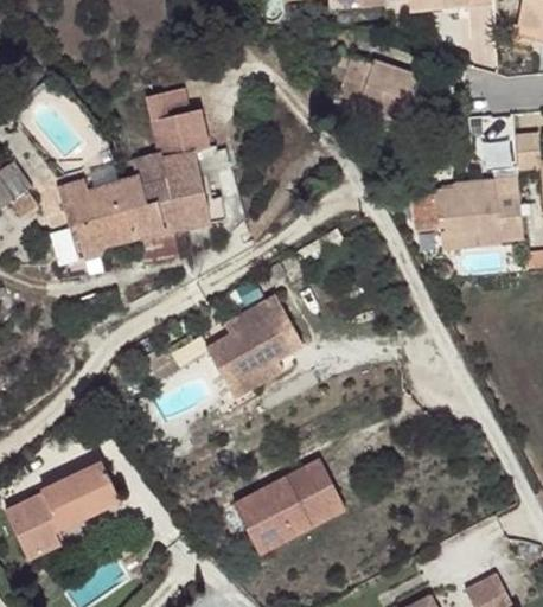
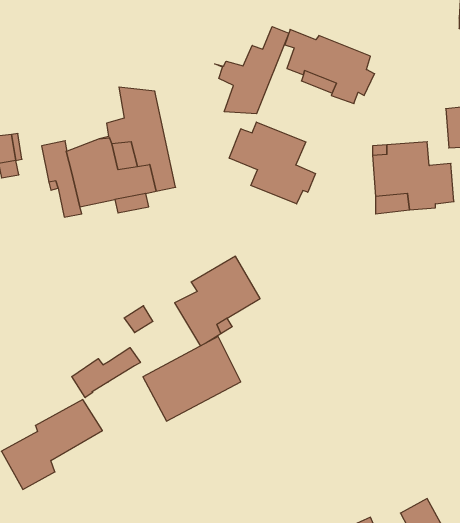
building: none -> [215,27,289,114]
building: none -> [229,122,315,204]
building: none -> [72,348,140,398]
building: [236,455,349,552] -> [143,337,241,421]

